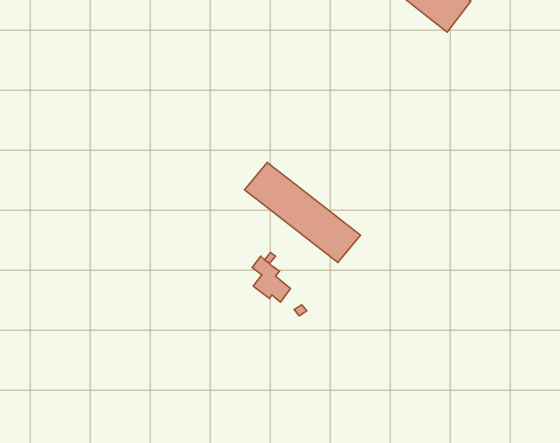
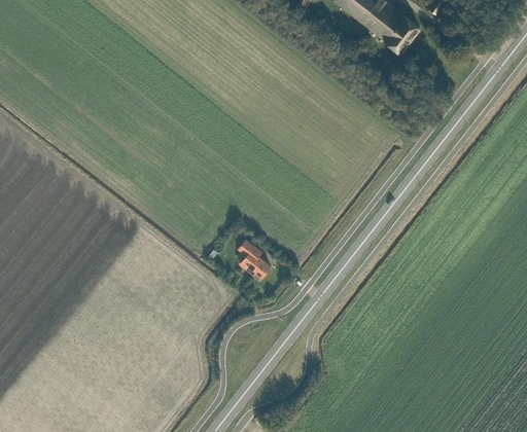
building: [245,162,361,263] -> none

